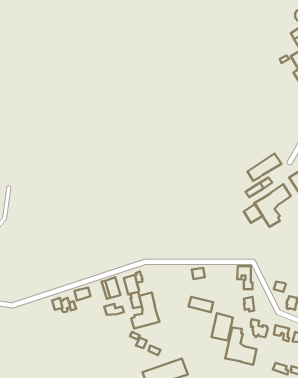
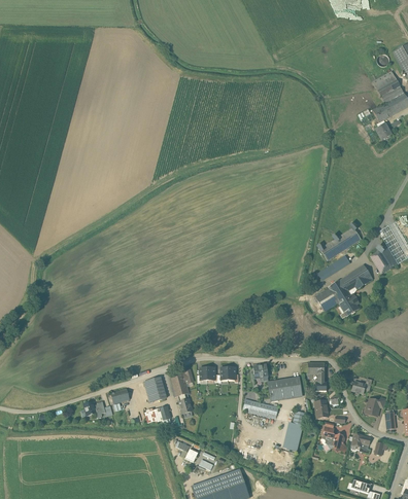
building: none -> [268,378,301,398]
building: [131,292,159,329] -> none
building: [225,327,256,365] -> none

